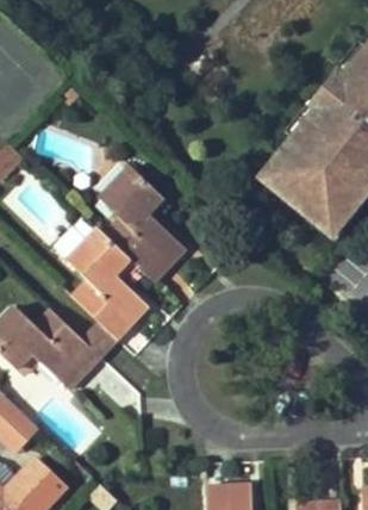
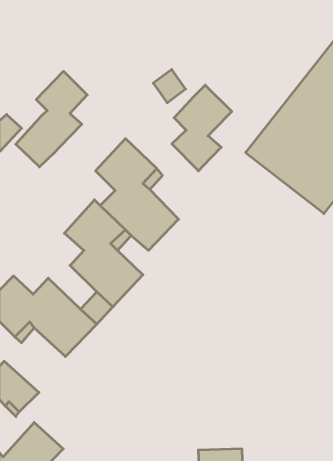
building: none -> [16,71,87,167]
building: none -> [172,85,232,171]

